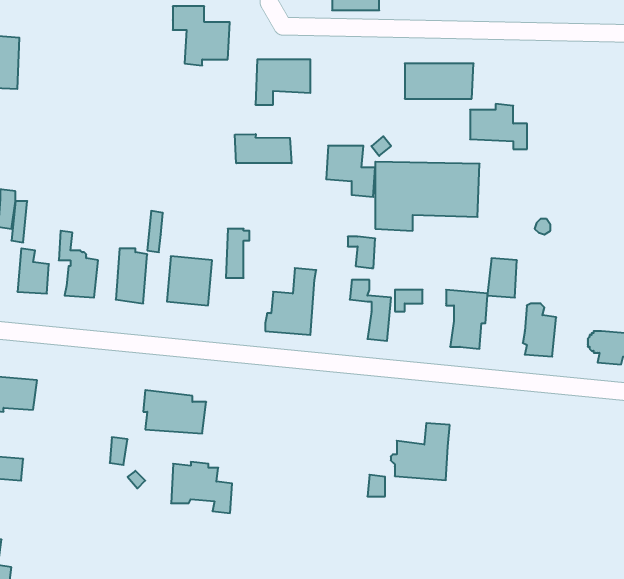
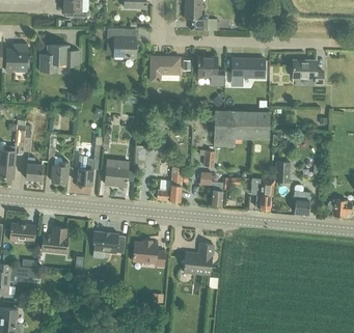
building: none -> [38,44,79,72]
building: [470,104,527,149] -> [293,59,323,83]
building: [235,134,292,163] -> none
building: [326,146,375,197] -> [197,57,223,84]
building: none -> [40,227,67,252]
building: [391,423,450,480] -> [181,243,212,273]
building: [171,462,232,513] -> [132,240,164,267]

